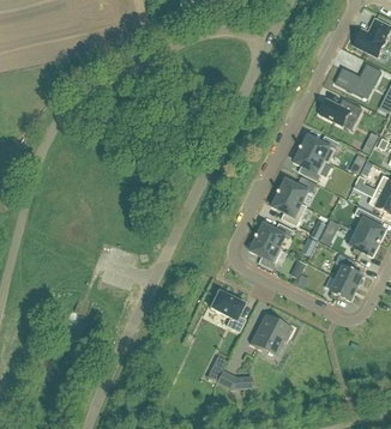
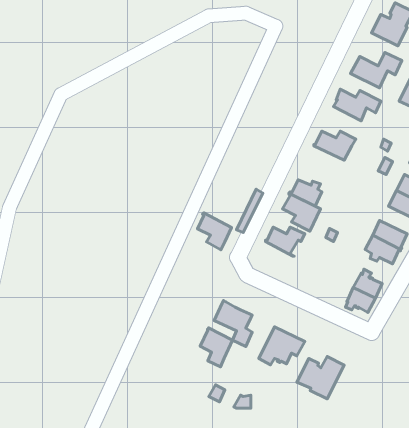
building: [294,147,327,181] -> none
building: [249,235,281,268] -> [197,213,231,250]
building: none -> [200,328,233,367]
building: none -> [297,357,344,399]

